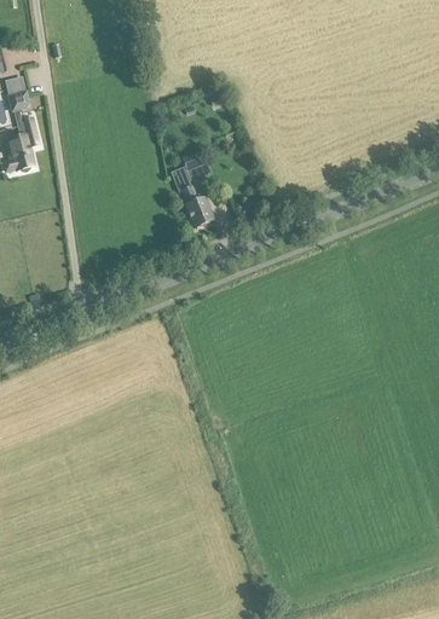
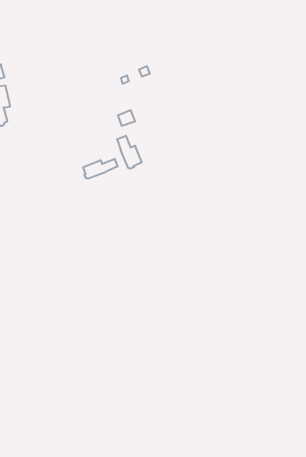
building: none -> [83,159,118,179]

